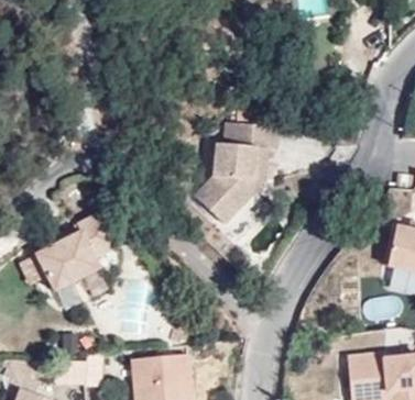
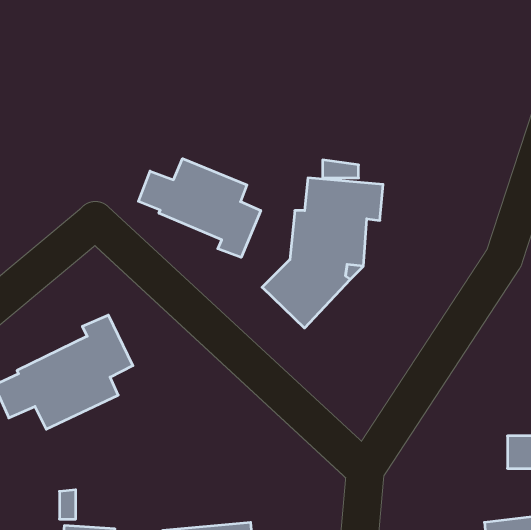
building: none -> [138,159,261,257]

